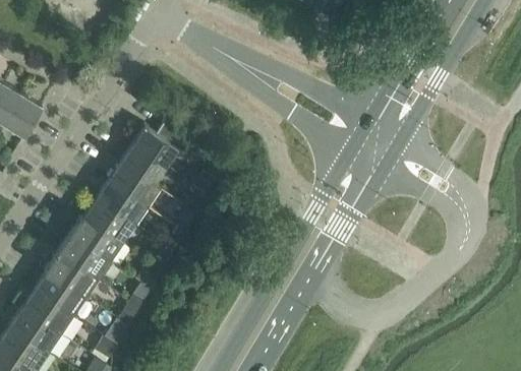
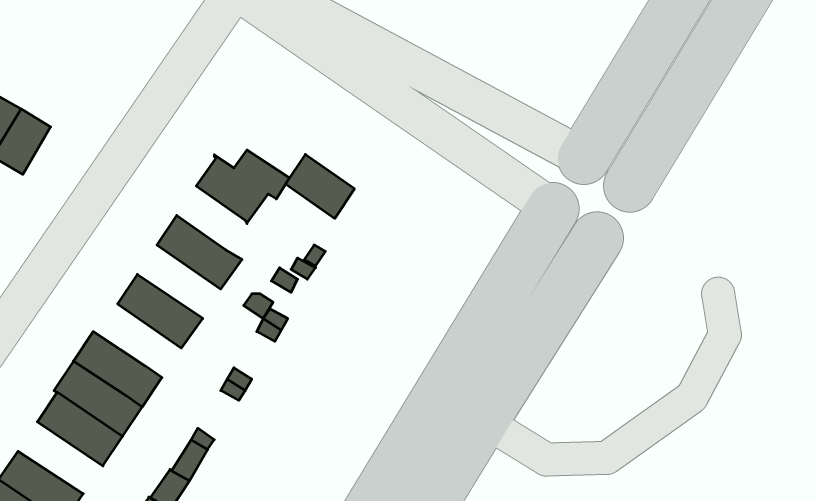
building: [120,143,163,183] -> [286,154,354,218]
building: [96,180,148,226] -> none
building: [68,214,123,262] -> none
building: [21,290,74,334] -> none

